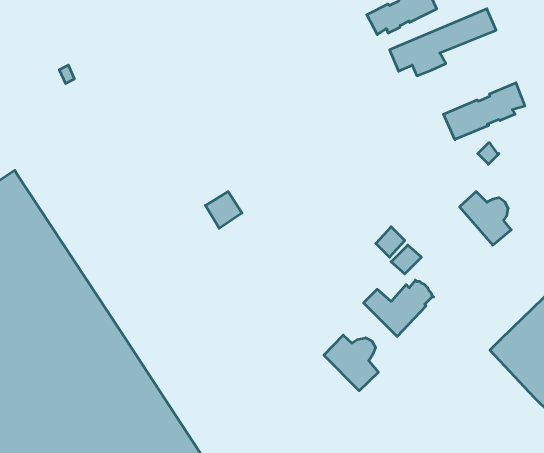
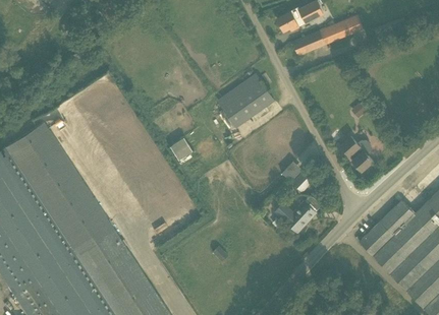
building: [443,83,525,140] -> none
building: none -> [219,75,275,129]
building: [324,335,378,391] -> none

